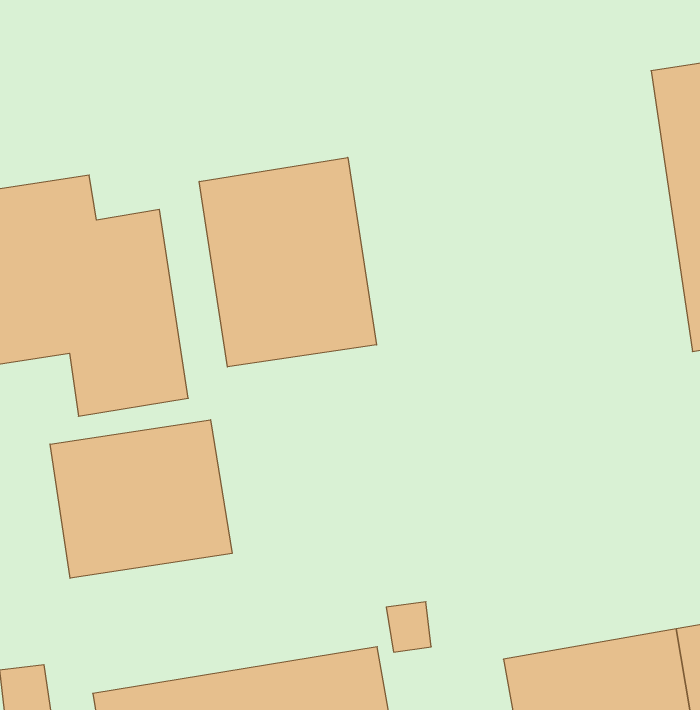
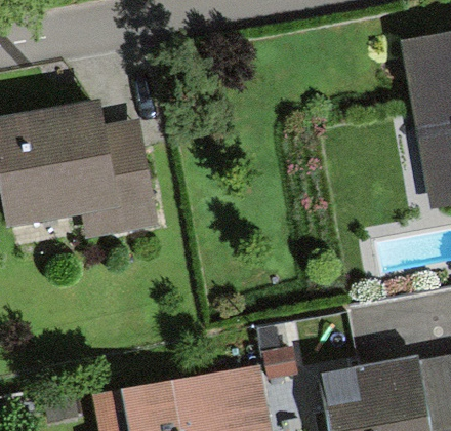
building: [199,157,377,367] -> none
building: [50,420,232,578] -> none

